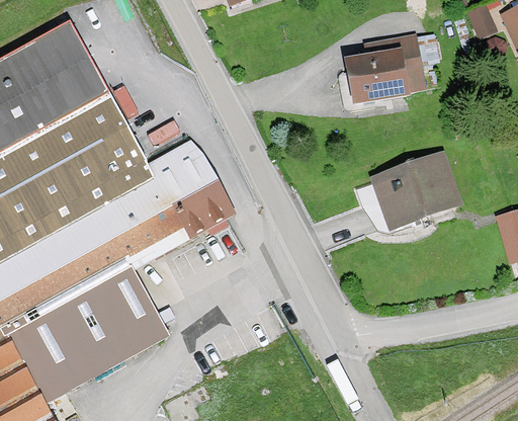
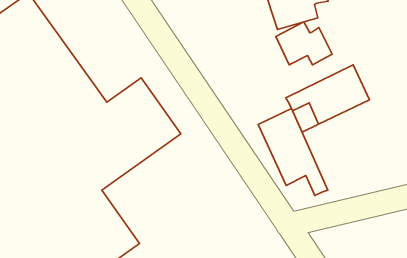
building: none -> [276,22,332,65]
building: none -> [258,108,328,195]

